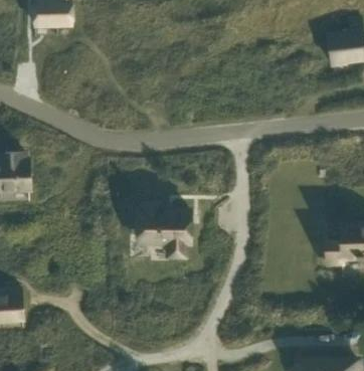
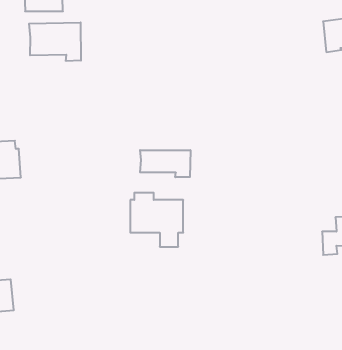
building: none -> [29,22,81,61]
building: none -> [140,150,190,177]

